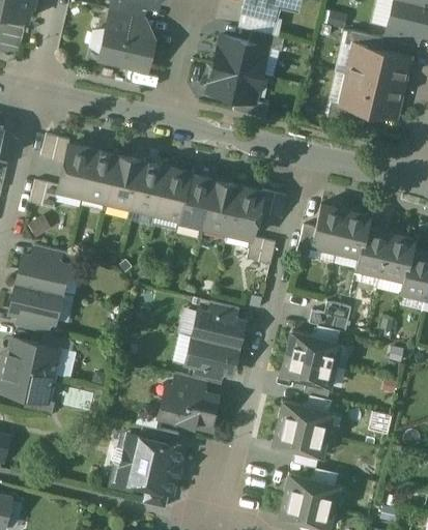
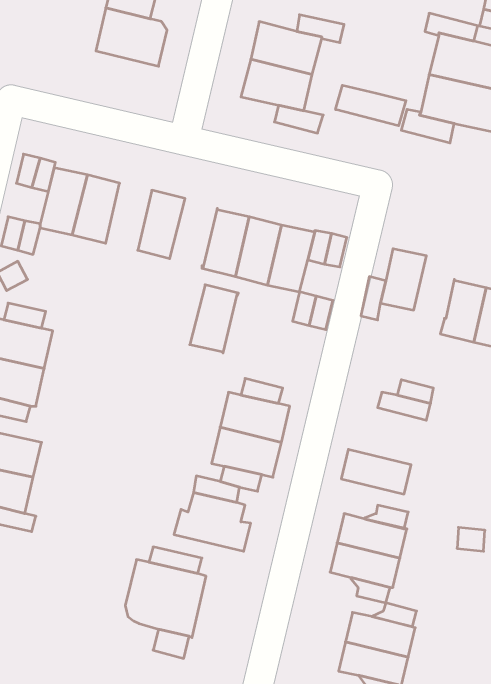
building: none -> [336,85,406,126]
building: [107,156,141,206] -> none
building: [154,168,191,218] -> [190,285,238,353]
building: [336,210,370,257] -> none
building: [287,332,339,365] -> none

